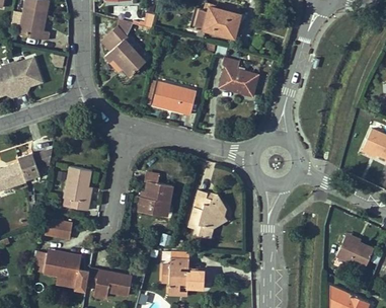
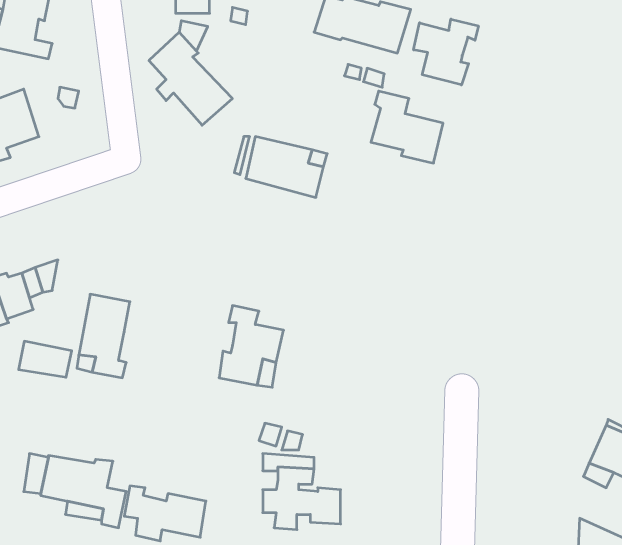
building: none -> [414,19,478,85]
building: [188,190,224,238] -> none
building: [45,219,73,238] -> [19,341,72,377]

